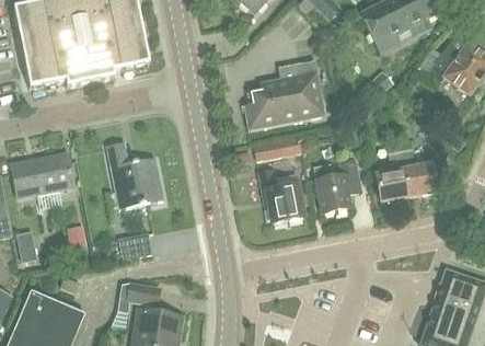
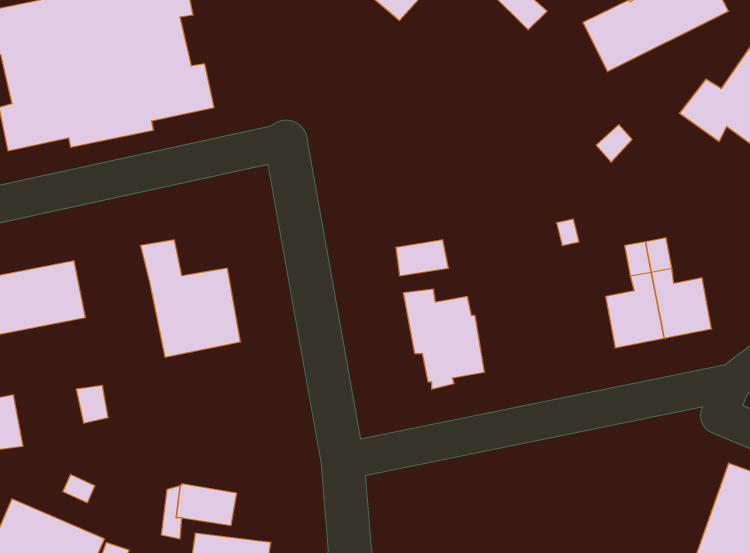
building: [243,59,325,129] -> none
building: [315,160,362,216] -> none
building: [120,232,152,257] -> none

